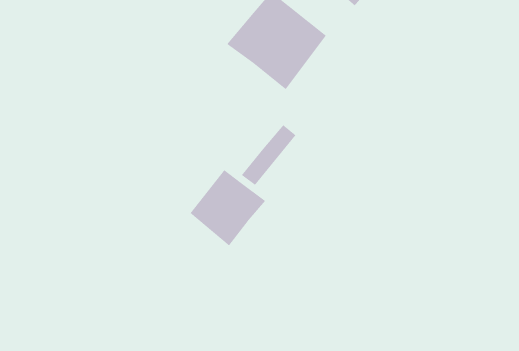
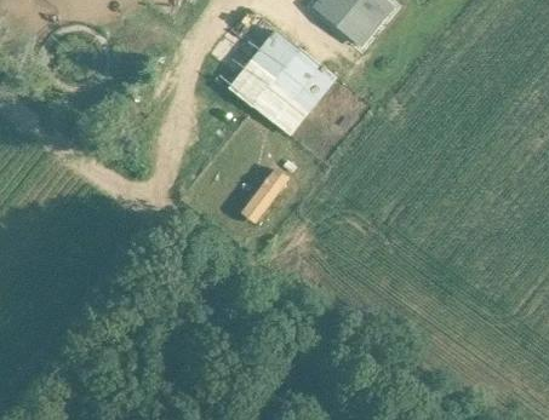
building: [189,169,266,246] -> none

